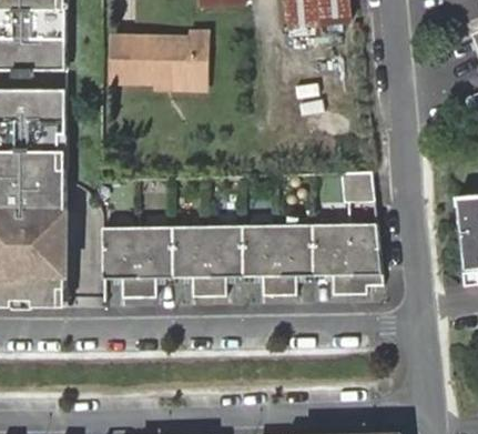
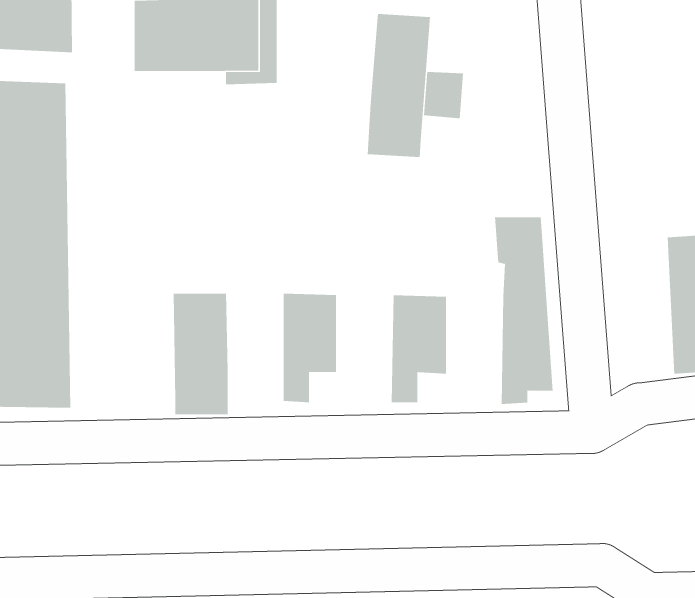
building: none -> [367,13,431,158]
building: [99,228,136,299] -> none
building: [171,229,207,300] -> none
building: [243,230,279,301] -> none
building: [315,231,352,302] -> none

